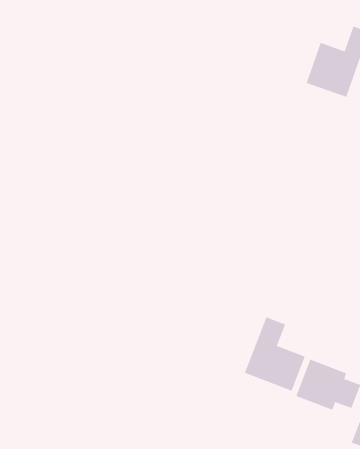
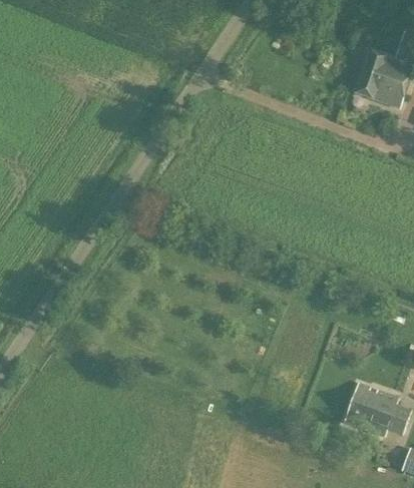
building: [244,316,305,391] -> none

